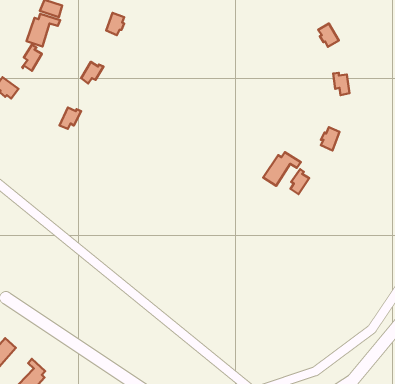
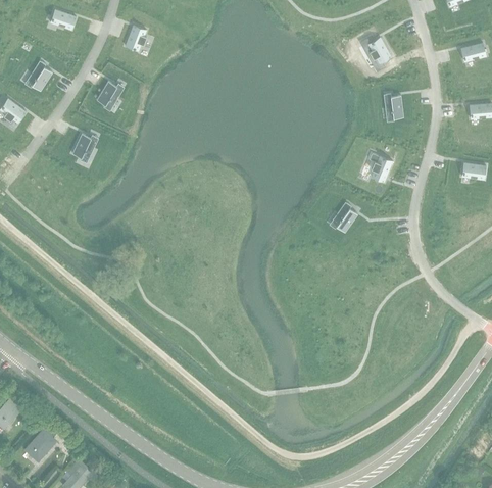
building: [27,14,60,46] -> none
building: [263,152,301,186] -> none

